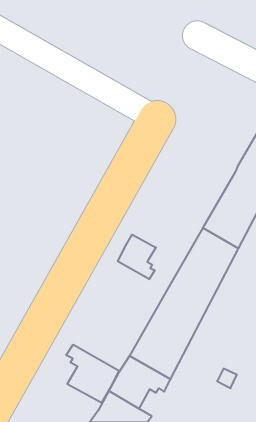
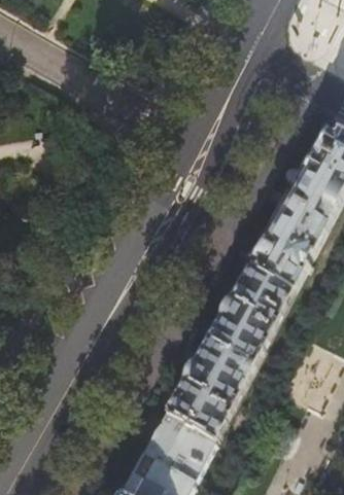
building: [118,235,156,279] -> none
building: [66,345,119,403] -> none

